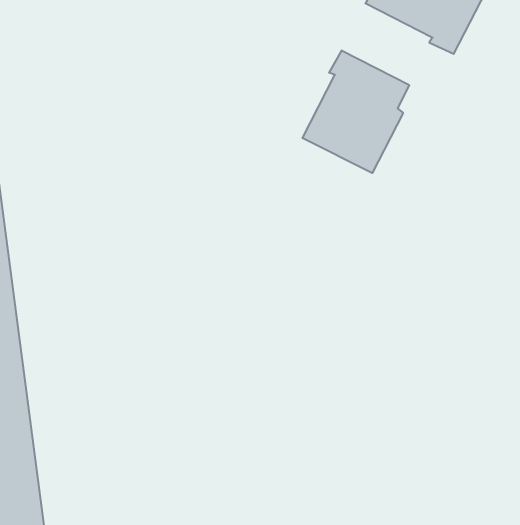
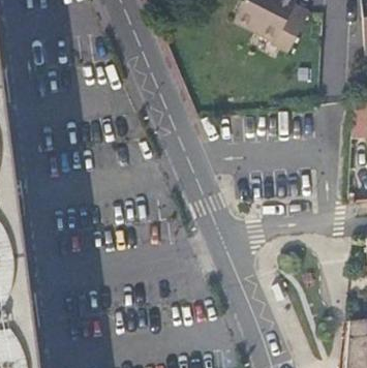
building: [302,50,409,173] -> none

